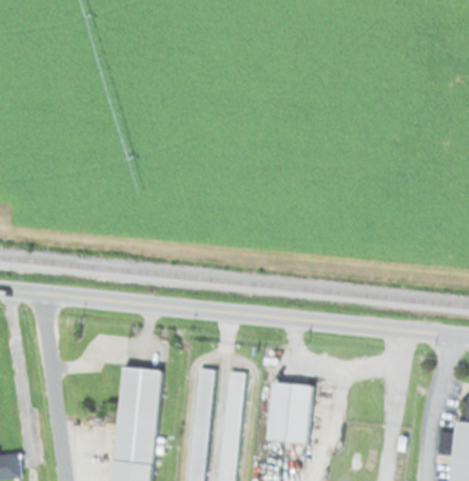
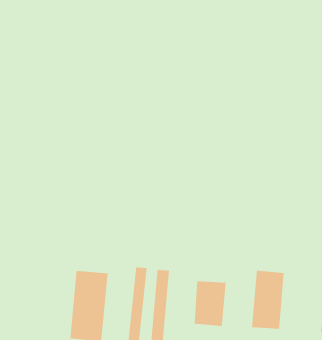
building: none -> [251,270,284,330]

